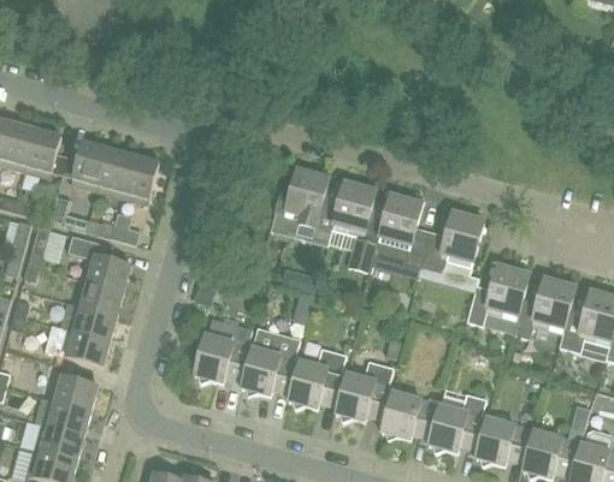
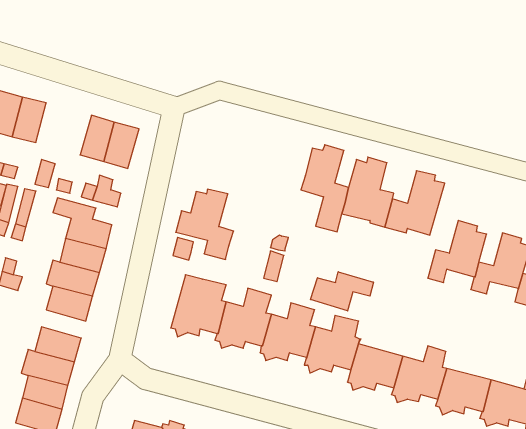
building: [70,141,108,190] -> none
building: [274,167,336,242] -> [176,189,234,259]
building: none -> [311,272,373,311]

